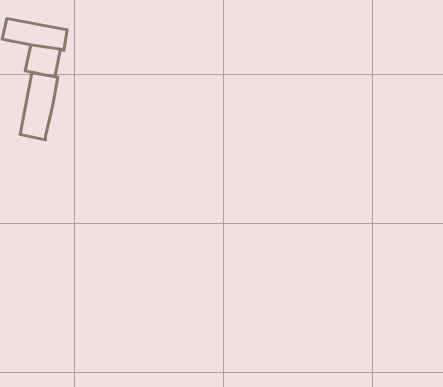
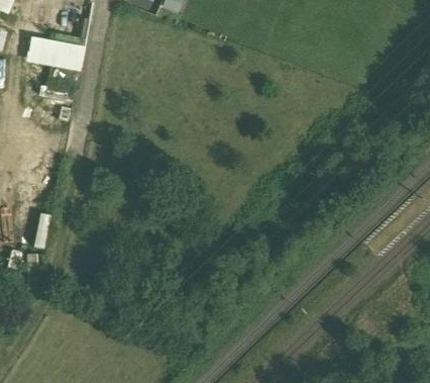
building: [20,73,58,140] -> none

